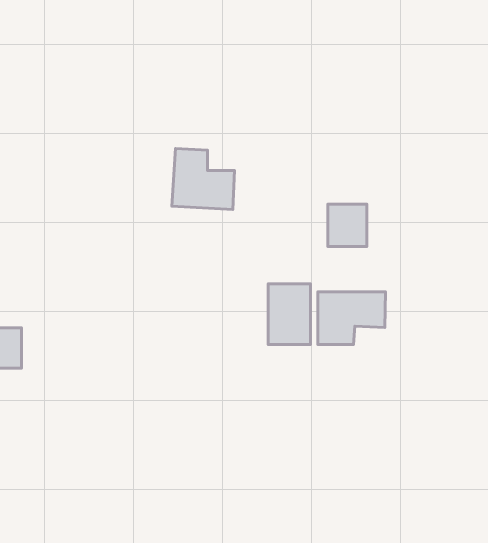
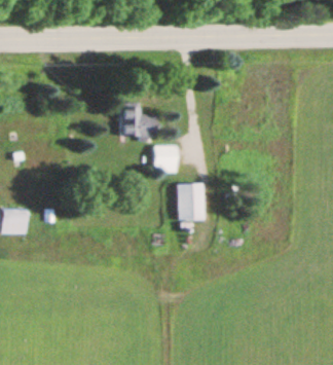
building: [328,204,367,246] -> [154,145,178,171]
building: [318,292,385,345] -> none

